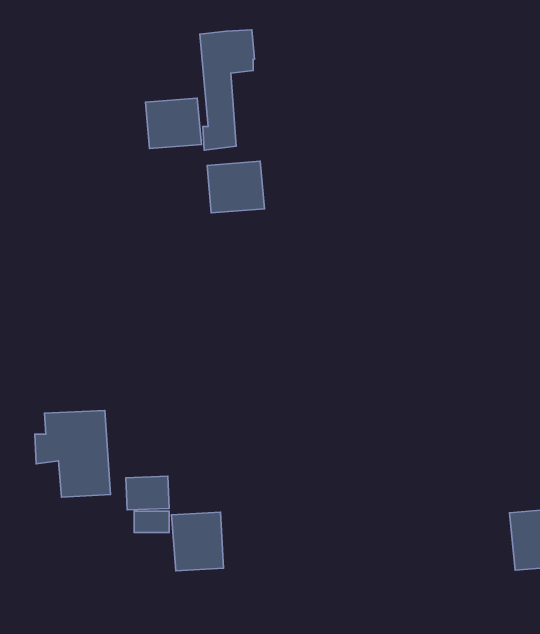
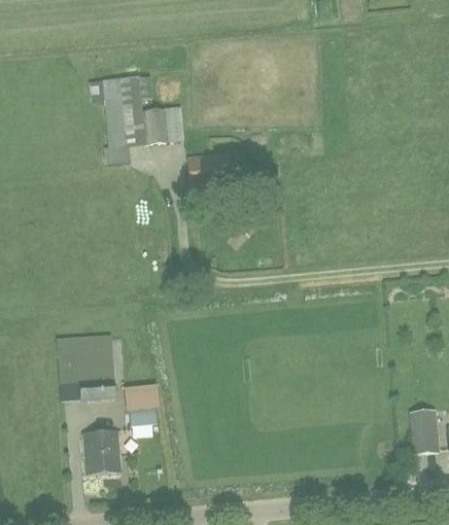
building: [200,30,255,150] -> [102,76,142,165]
building: [172,512,223,571] -> [81,430,119,474]

